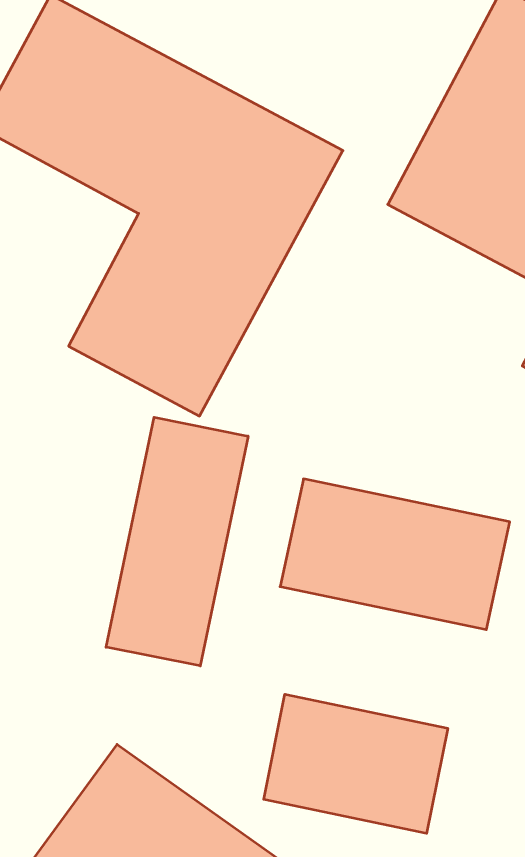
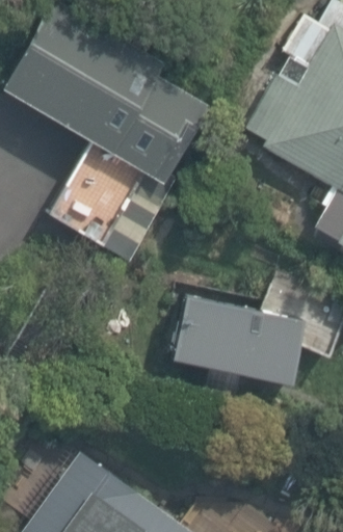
building: [106,417,248,666] -> none
building: [264,694,448,833] -> none

